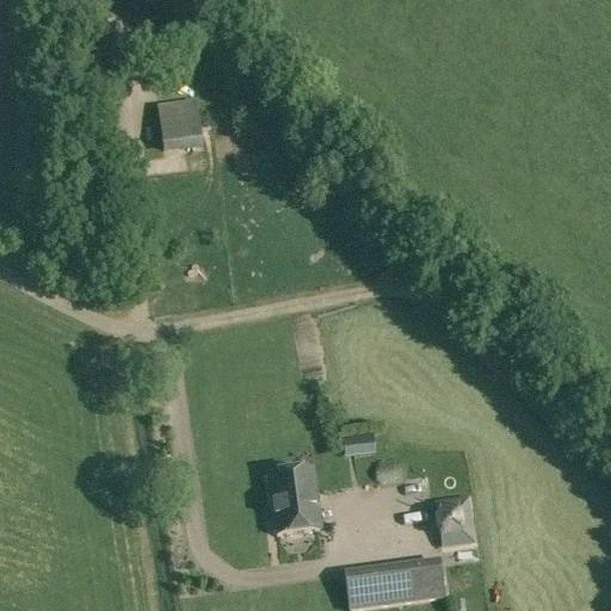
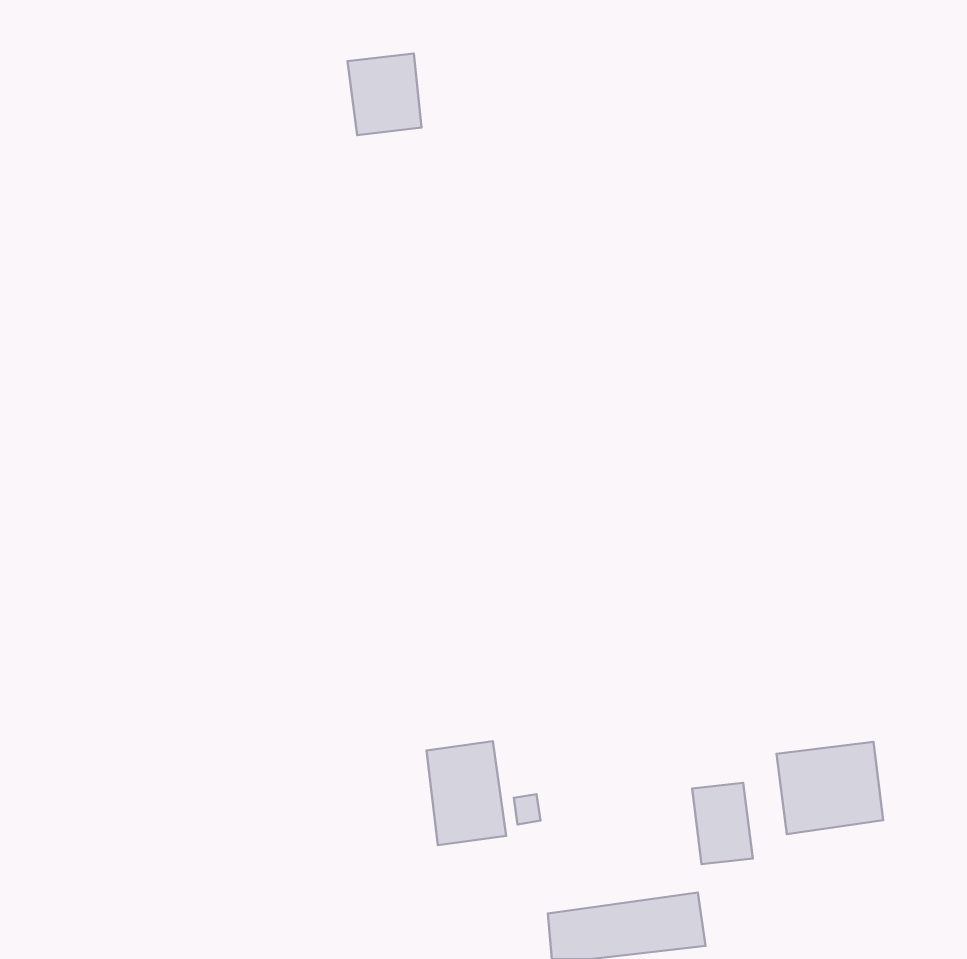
building: [156,97,203,148] -> [348,54,422,135]
building: none -> [777,742,883,834]

